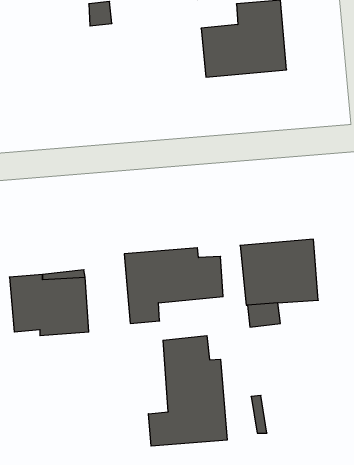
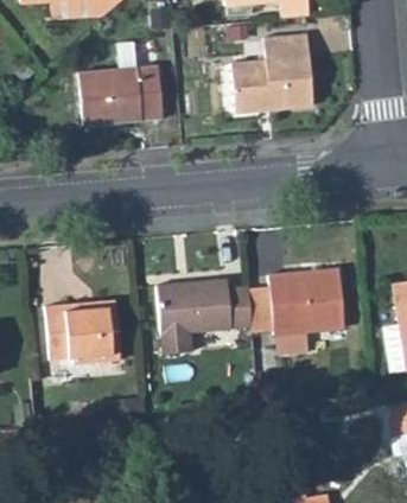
building: none -> [81,66,164,126]
building: [148,336,227,446] -> none

